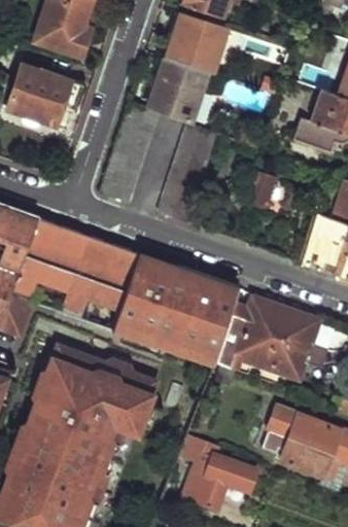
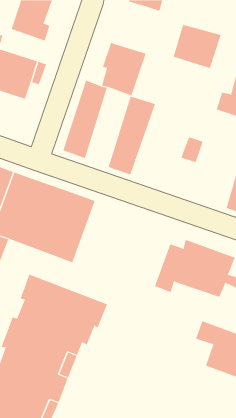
building: [167,15,228,71] -> [173,24,221,68]
building: [114,253,242,365] -> none
building: [179,434,256,512] -> none

